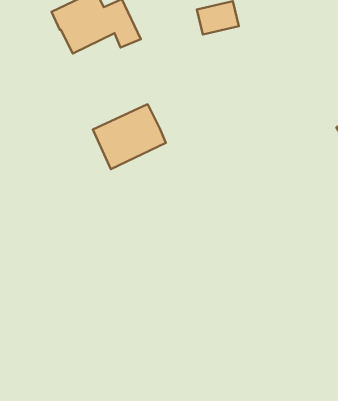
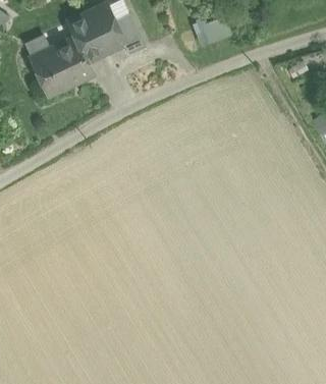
building: [93,105,166,169] -> [31,40,93,95]

